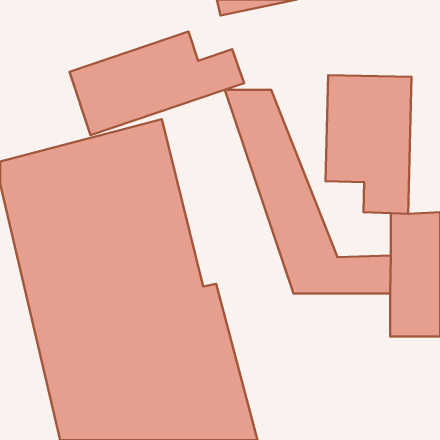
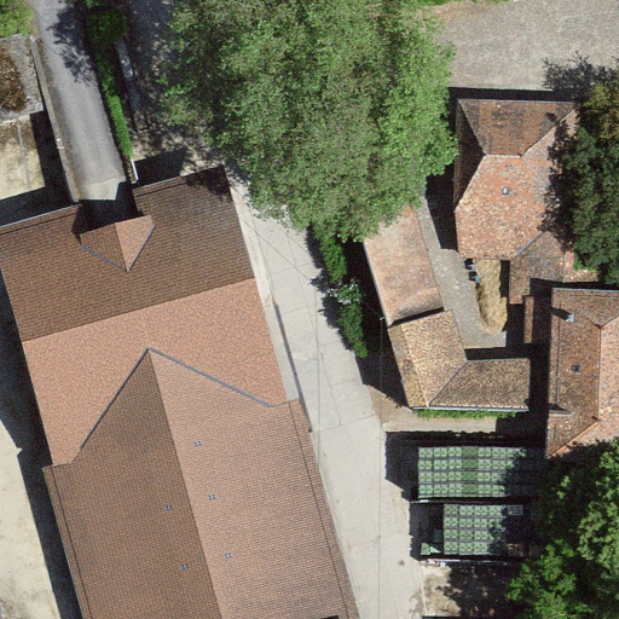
building: [70,31,244,135] -> none

